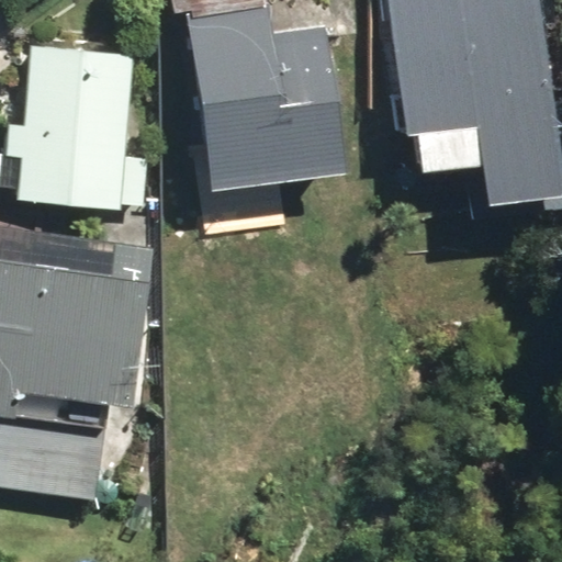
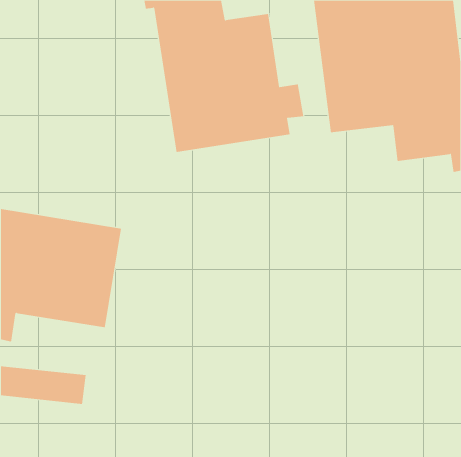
building: [4,48,123,204] -> none

